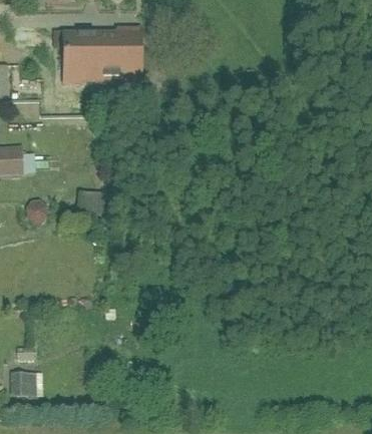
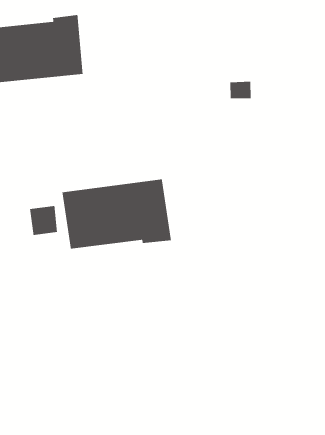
building: none -> [62,178,172,250]

